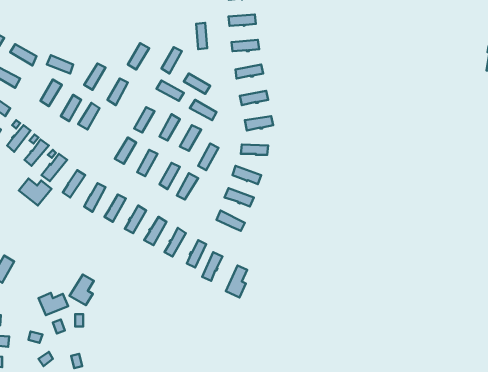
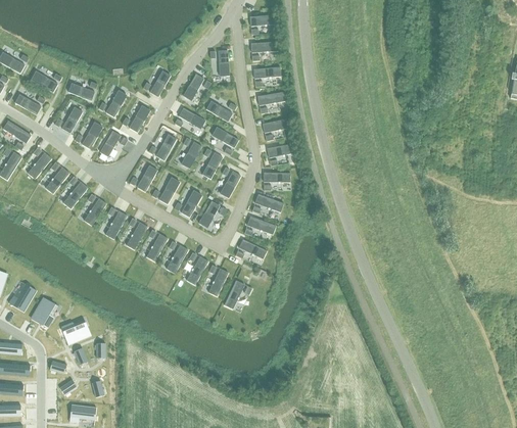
building: [19,179,51,206] -> none
building: [226,265,247,297] -> none
building: [70,275,94,305] -> [30,296,54,327]

